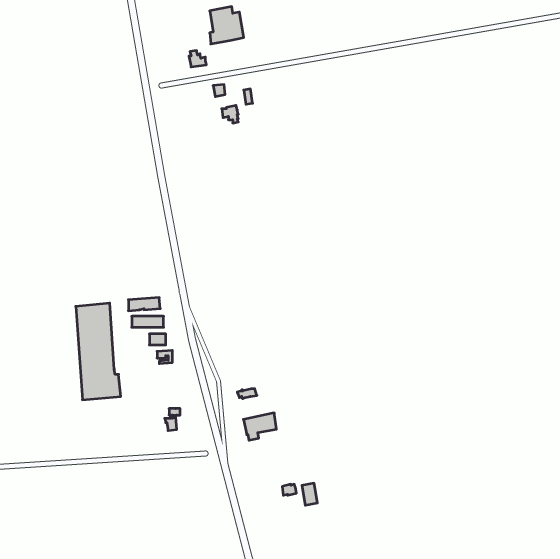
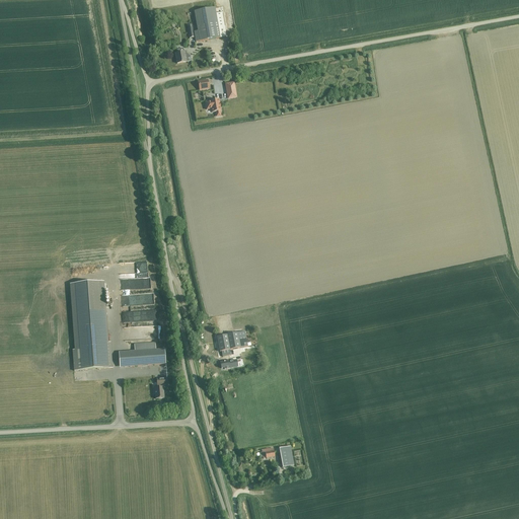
building: none -> [128,342,164,365]
building: [243,413,276,440] -> [216,329,246,355]

